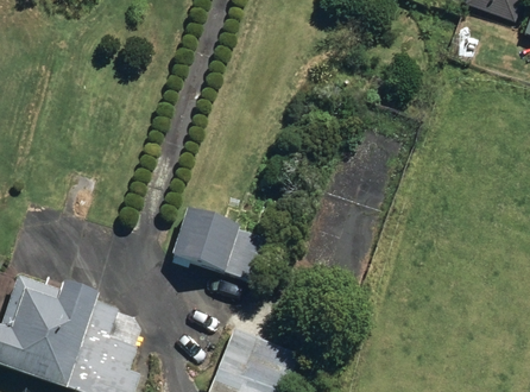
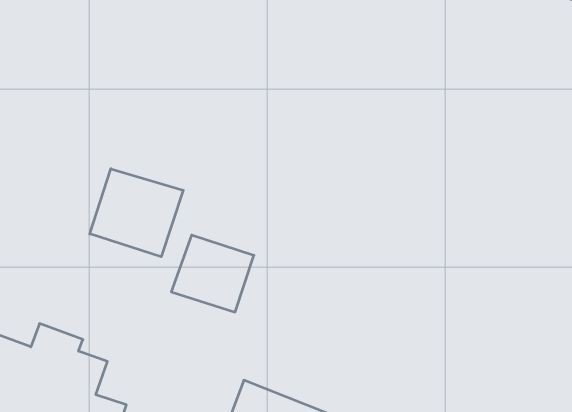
building: none -> [90,169,183,257]

